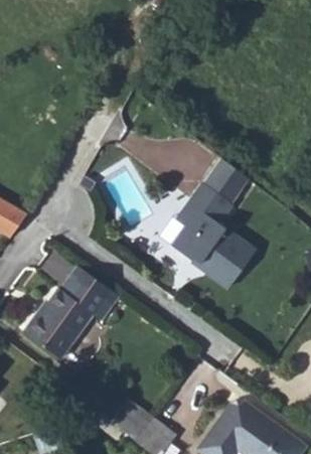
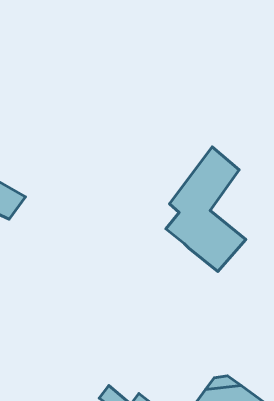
building: [12,261,112,352] -> none

